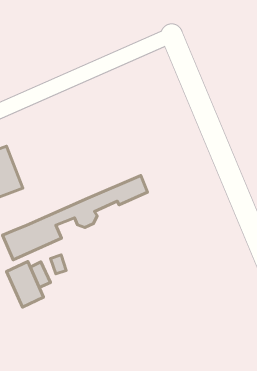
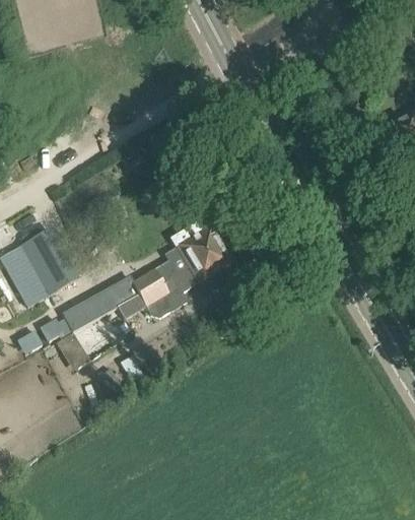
building: none -> [57,229,214,334]
building: [7,262,43,307] -> none

